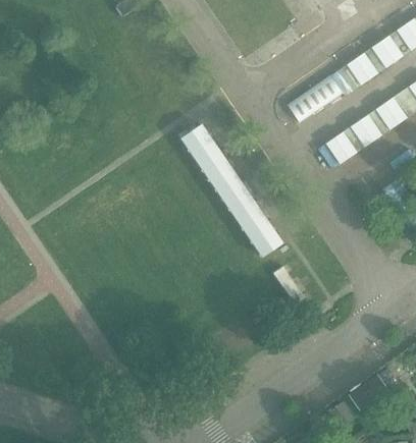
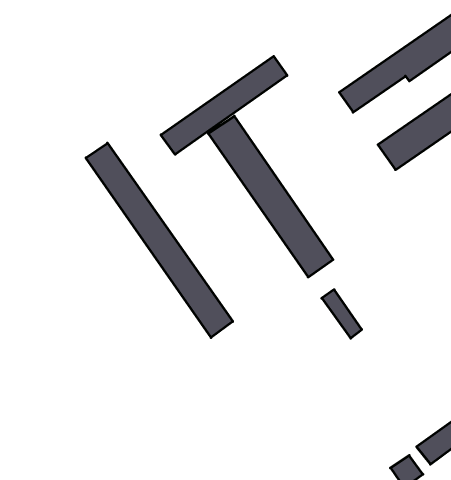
building: none -> [161,56,287,154]
building: none -> [86,143,233,338]

